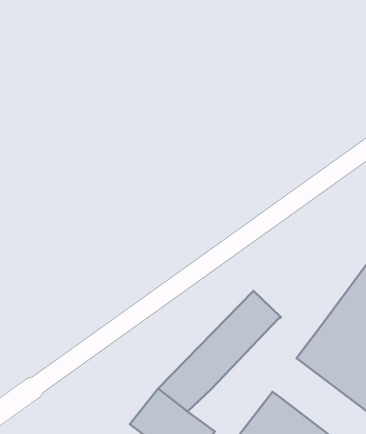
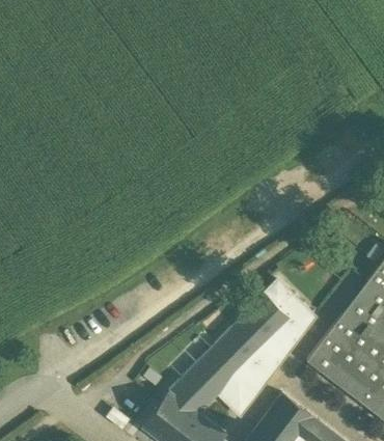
building: none -> [221,281,314,416]

